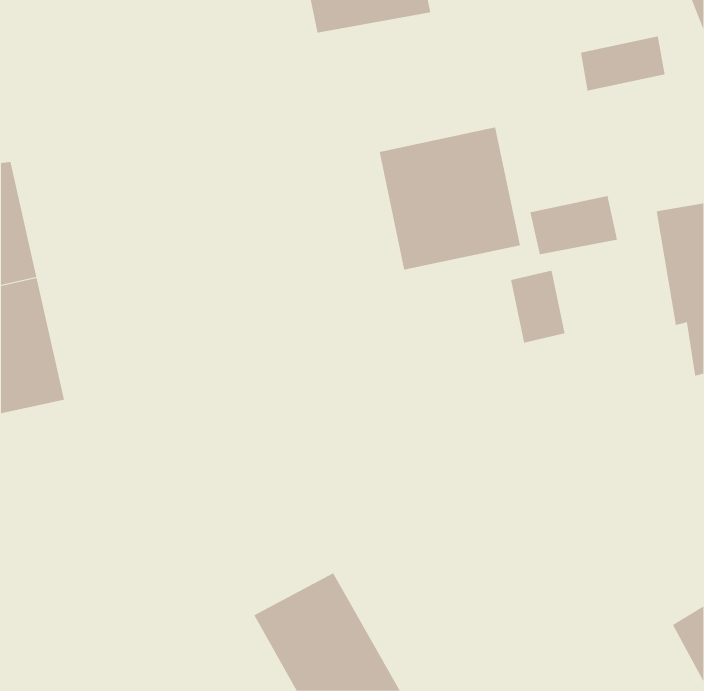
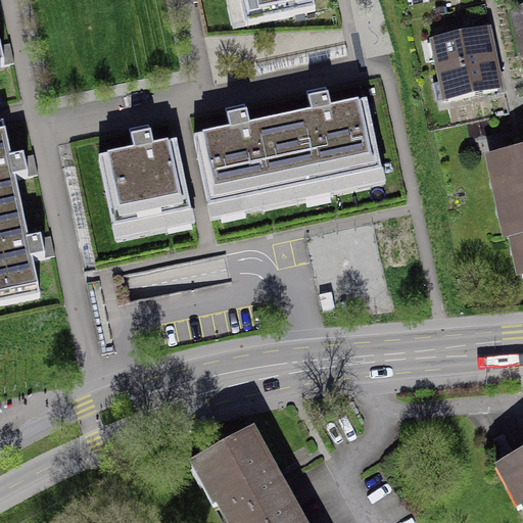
building: none -> [198,112,299,218]
building: none -> [98,139,195,237]
building: [530,196,618,255] -> [435,55,501,99]
building: [511,270,565,343] -> none

